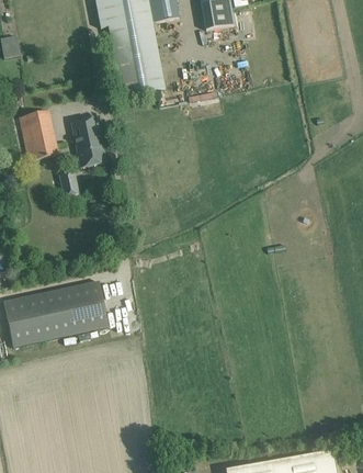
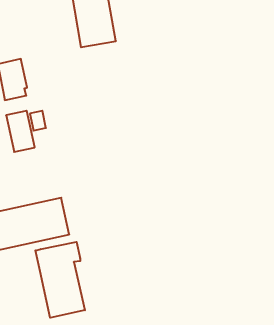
building: [70,116,105,167] -> [6,111,35,152]
building: none -> [35,242,85,318]

